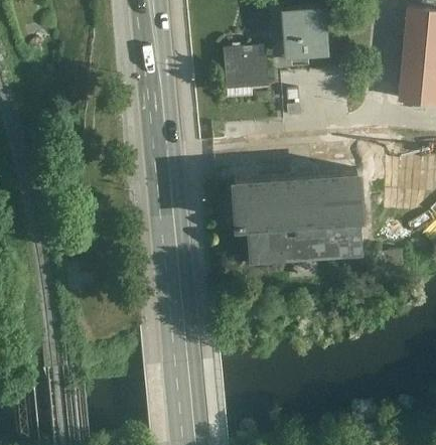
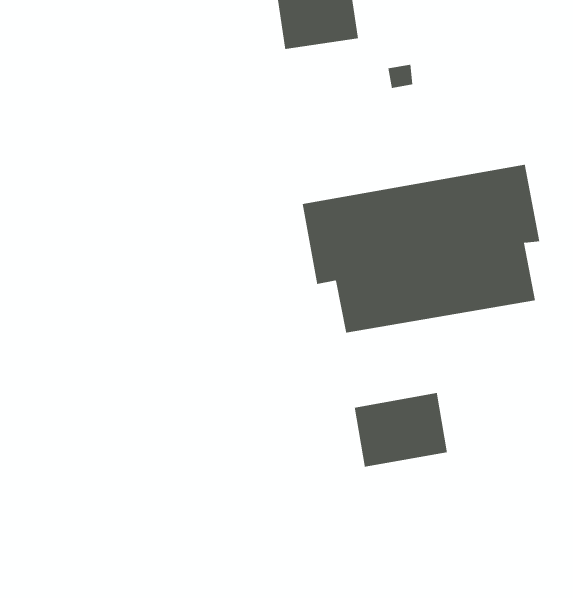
building: none -> [354,392,447,467]

